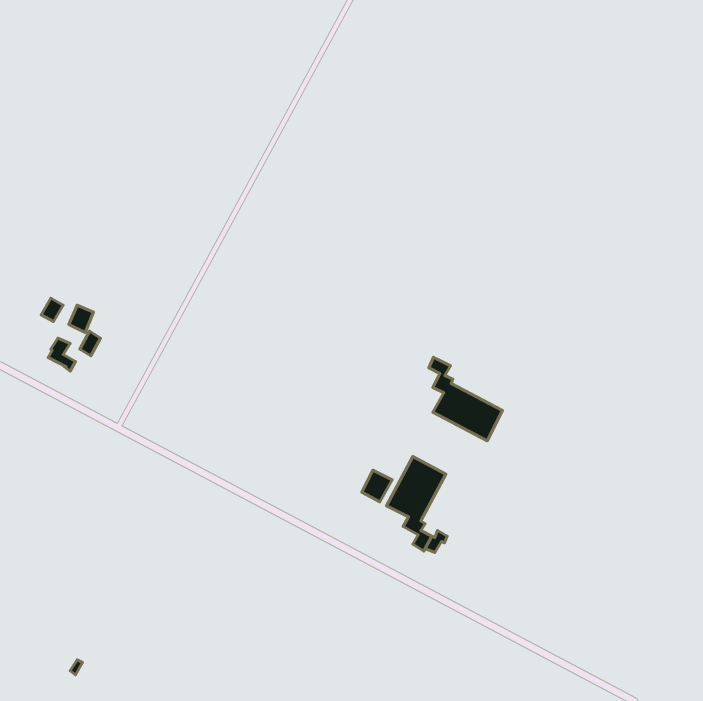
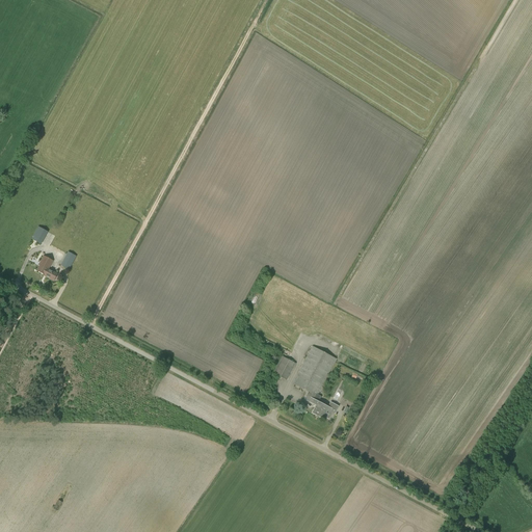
building: [429,357,503,441] -> none

